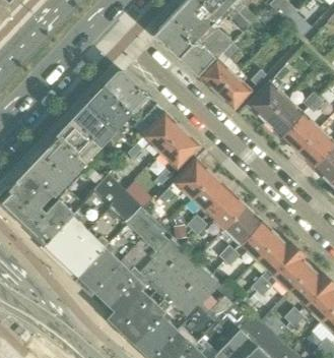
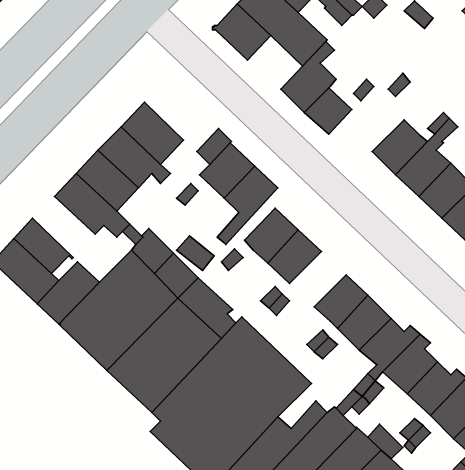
building: [177,40,215,78] -> none
building: [105,71,148,113] -> none
building: [248,83,286,121] -> none
building: [26,153,70,195] -> none
building: [206,191,246,230] -> none

